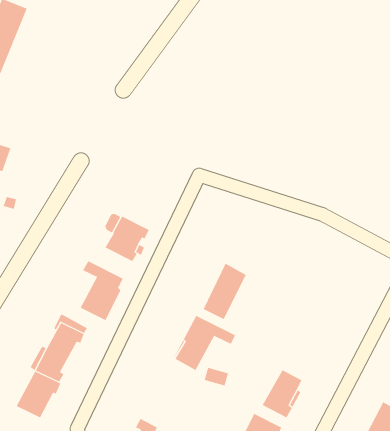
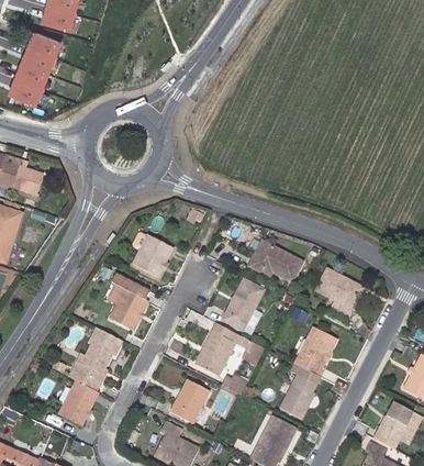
building: none -> [252,238,304,279]
building: none -> [313,270,358,321]
building: none -> [293,328,336,378]
building: none -> [169,380,208,425]

